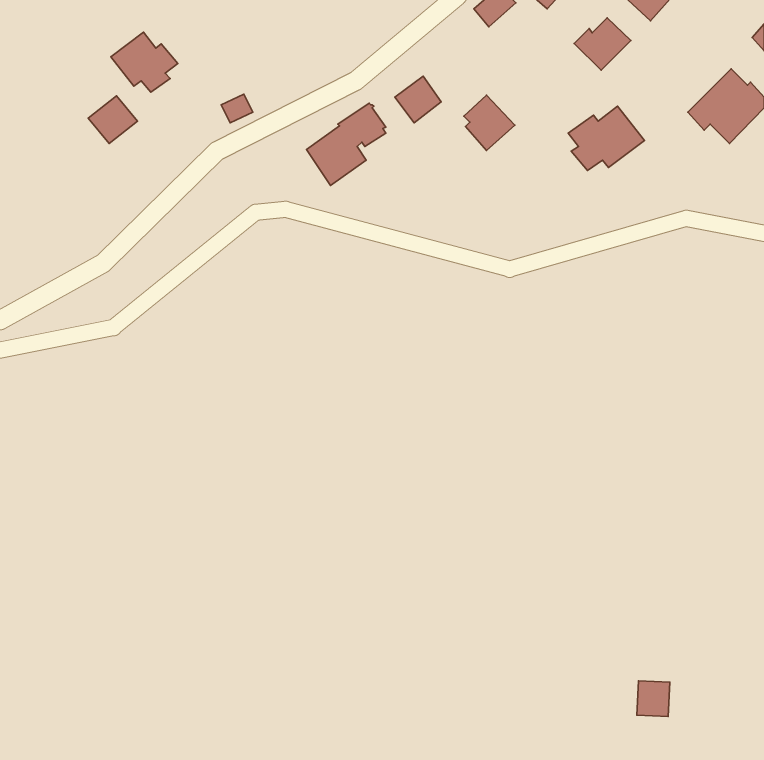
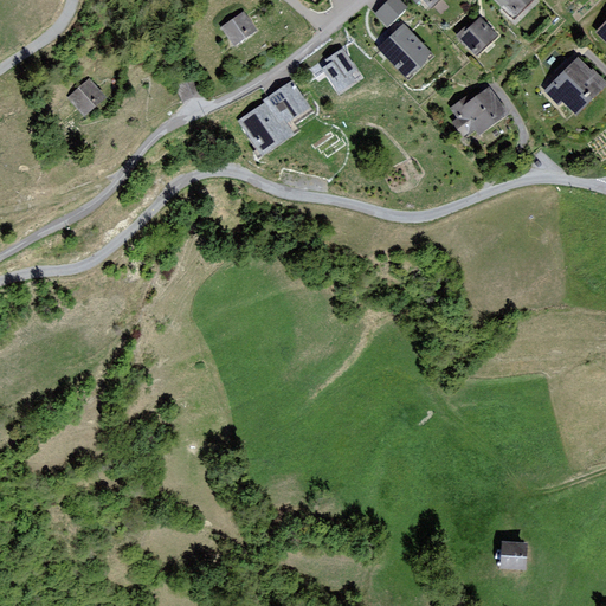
building: none -> [221,11,257,45]
building: [111,32,178,92] -> none
building: [464,95,515,151] -> [386,25,426,69]

